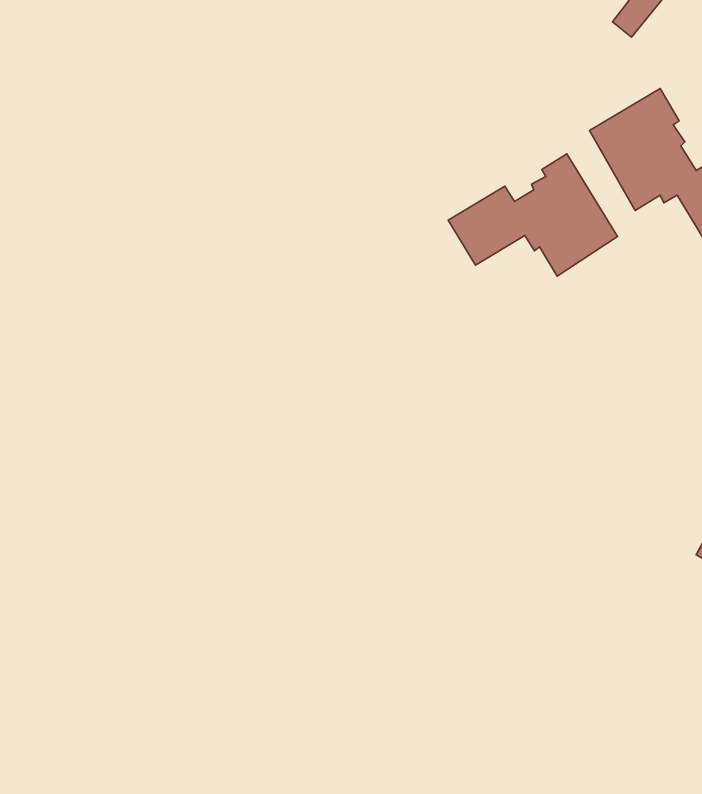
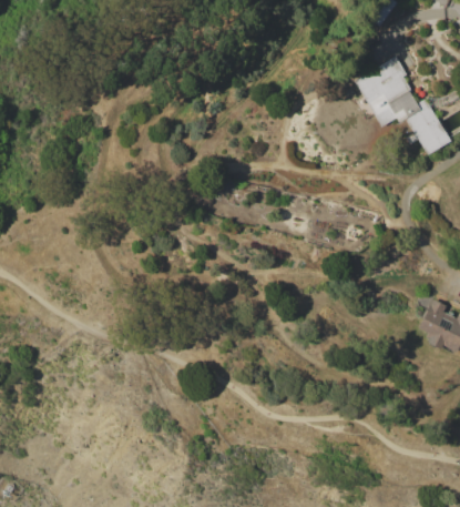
building: [448,154,617,276] -> none

